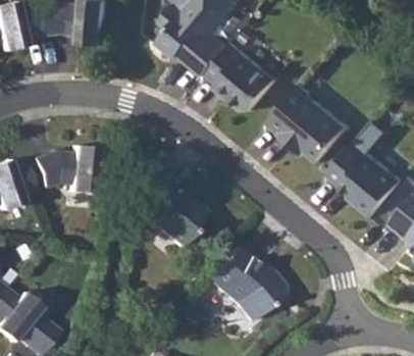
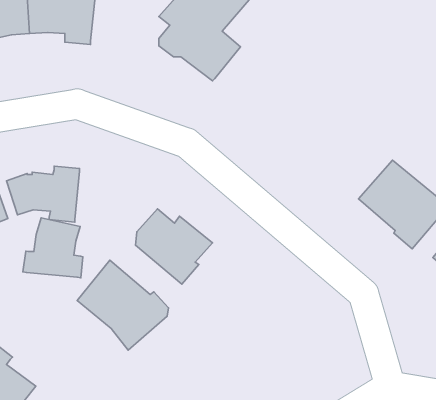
building: [207,43,276,110] -> none
building: [268,84,348,162] -> none
building: none -> [23,218,83,278]
building: [207,246,283,321] -> [77,260,168,350]

